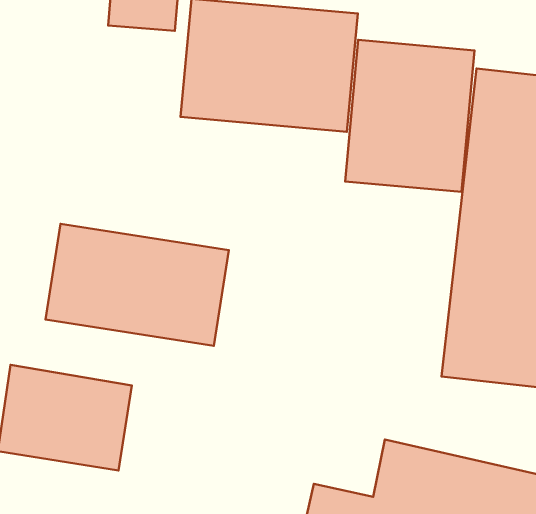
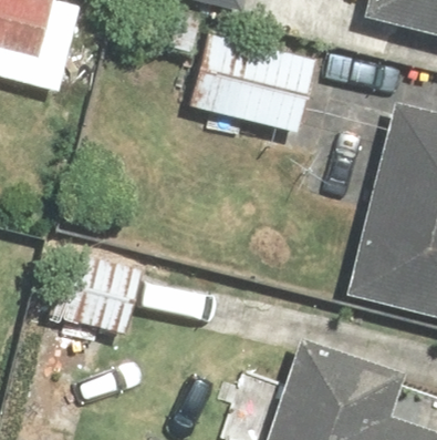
building: [345,40,474,192] -> none
building: [46,224,229,346] -> none

